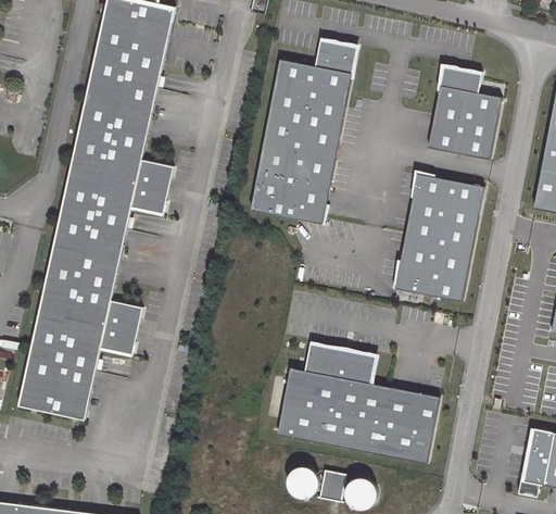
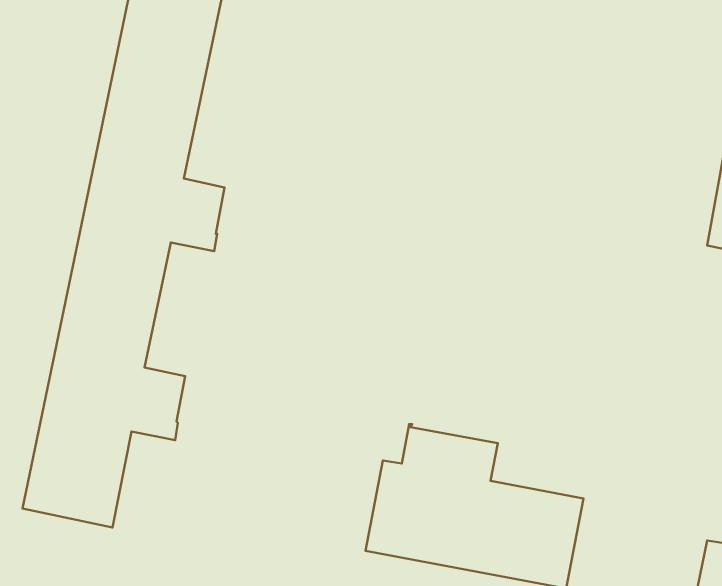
building: [250,36,356,224] -> none
building: [428,65,501,158] -> none
building: [393,173,484,301] -> none

